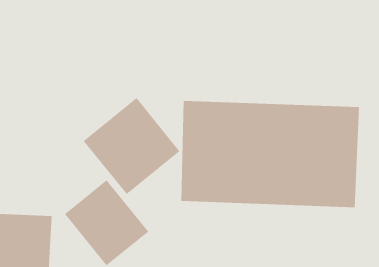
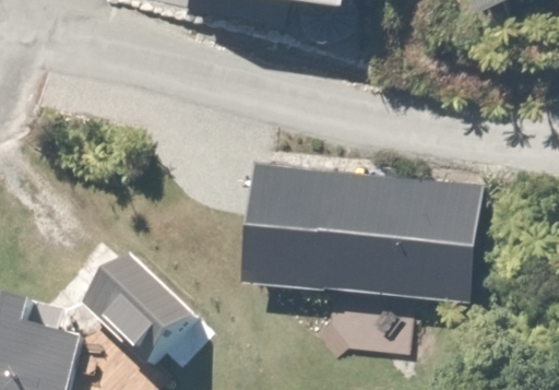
building: [83,97,180,195] -> none

